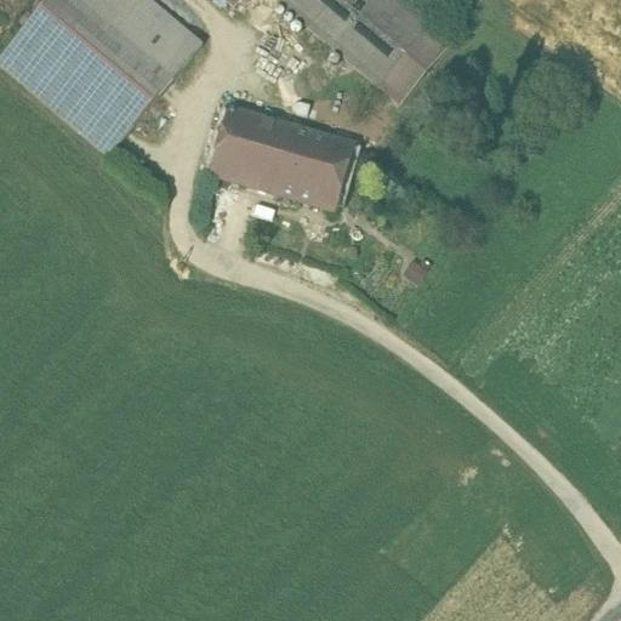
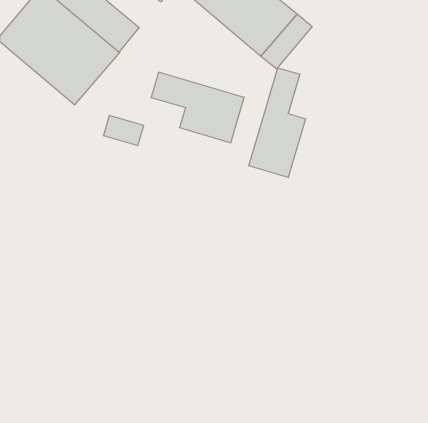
building: none -> [249,68,306,178]
building: [210,141,268,184] -> [103,115,144,146]

